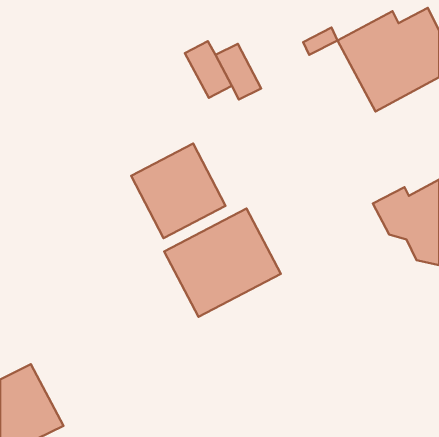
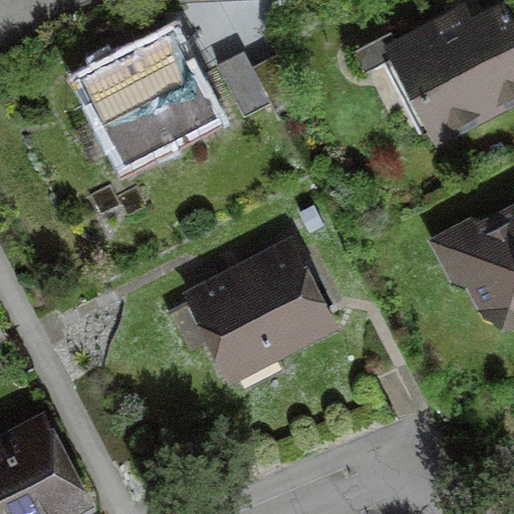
building: none -> [81,32,213,161]
building: [131,143,226,238] -> none

